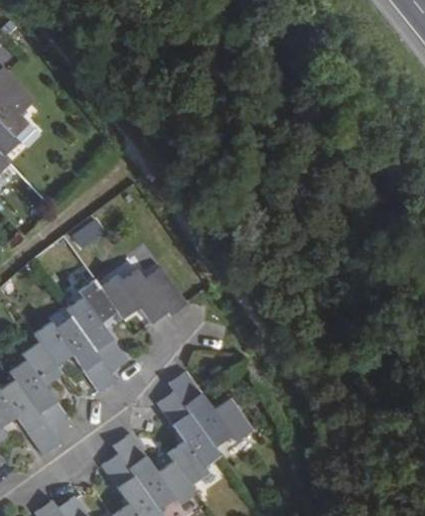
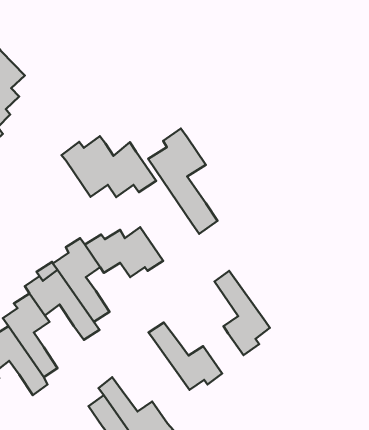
building: none -> [148,129,217,234]
building: none -> [62,136,156,197]
building: [159,391,221,485] -> [214,271,270,355]

